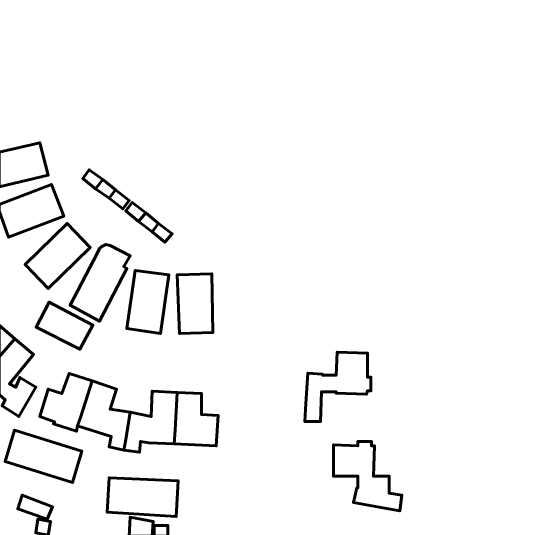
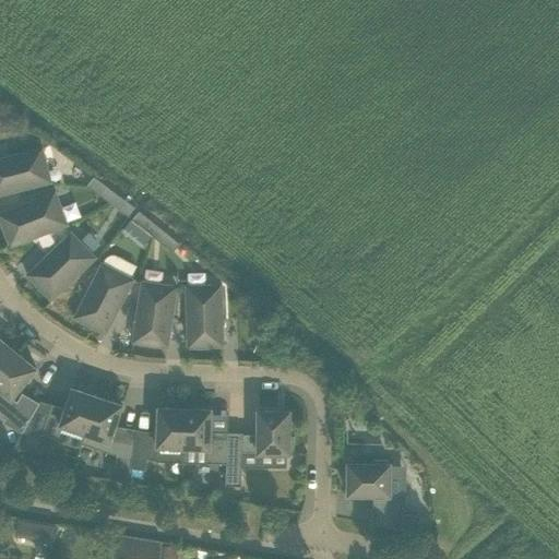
building: [36,302,93,349] -> none
building: [305,352,371,421] -> [224,412,293,484]
building: [5,430,82,482] -> none
building: [107,478,178,516] -> none

